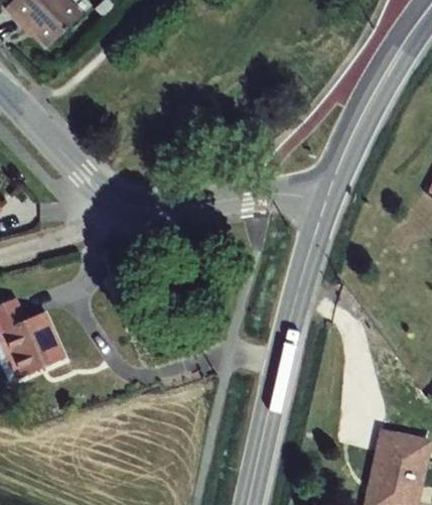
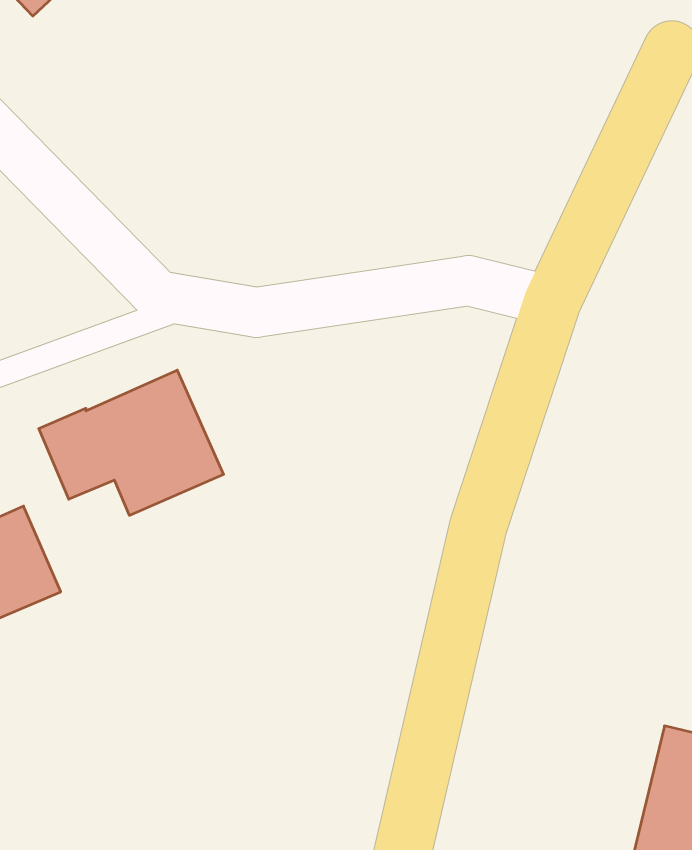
building: none -> [39,370,224,515]

